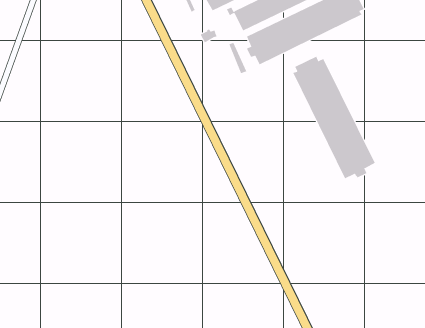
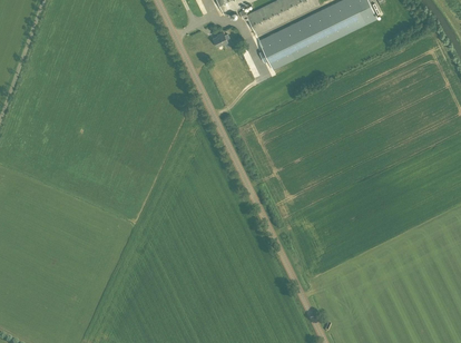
building: [293,56,376,179] -> none

